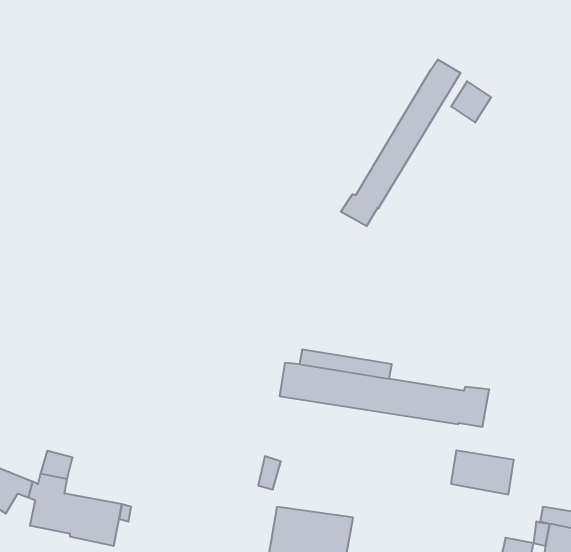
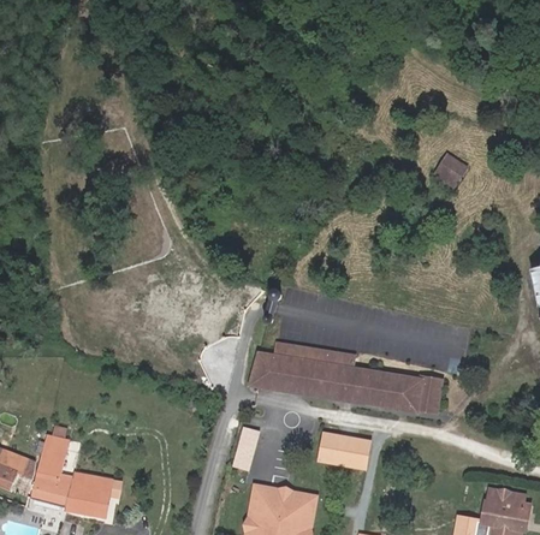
building: [341,59,460,226] -> none
building: [451,81,491,123] -> [431,153,467,190]
building: [451,450,514,494] -> [316,432,373,471]

